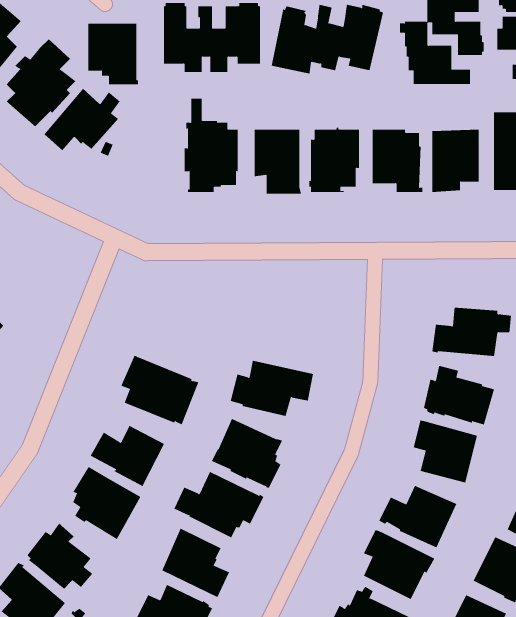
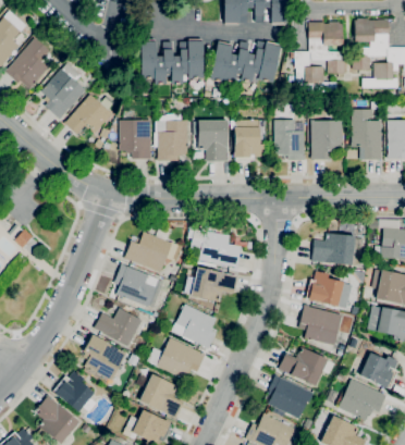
building: [88,23,139,85] -> [120,120,152,159]
building: none -> [124,230,184,272]
building: none -> [192,230,242,268]

